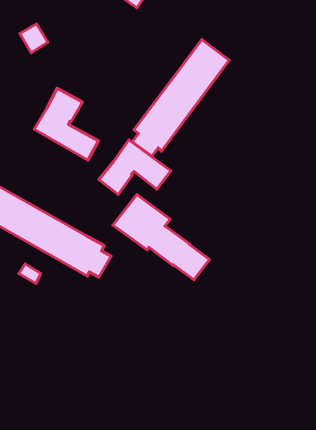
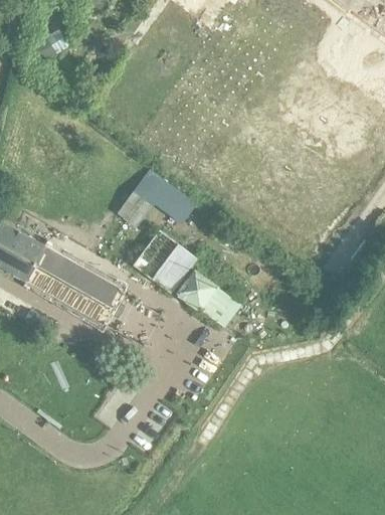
building: [132,39,229,156] -> none
building: [34,88,99,160] -> none

